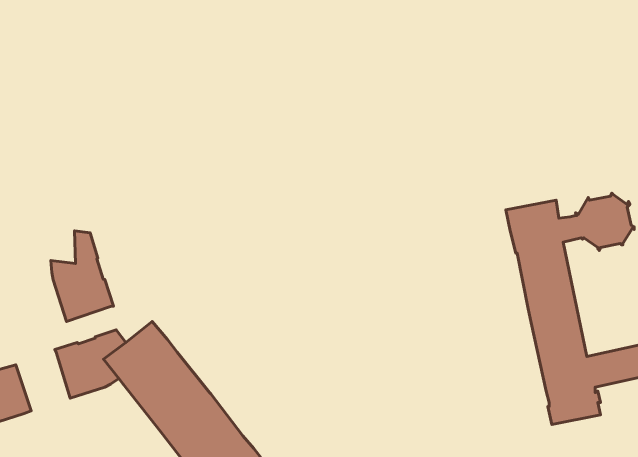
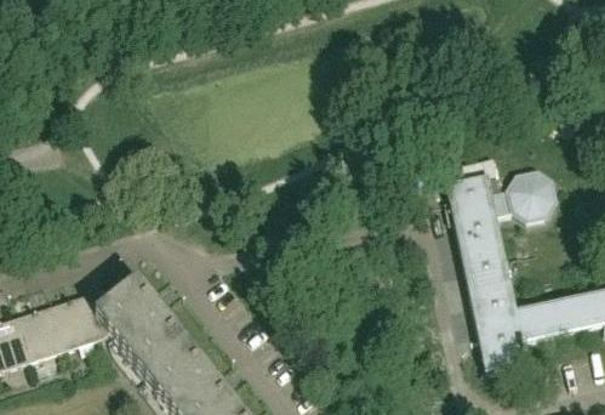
building: [51,231,114,321] -> none
building: none -> [18,308,67,359]

